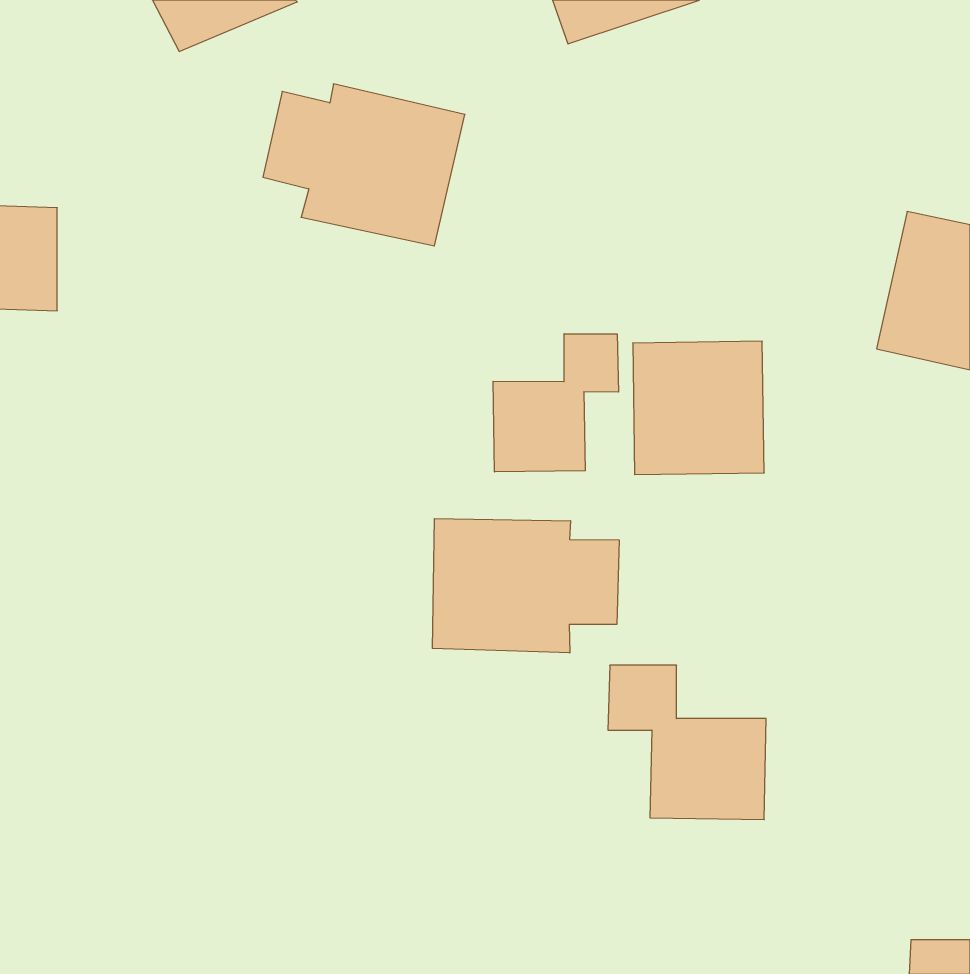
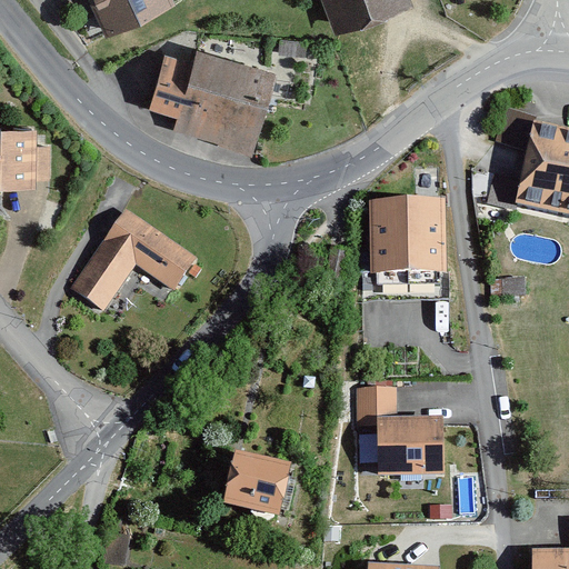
building: [493,334,619,472] -> none
building: none -> [68,210,199,313]
building: [432,519,619,653] -> none
building: none -> [228,453,298,517]

